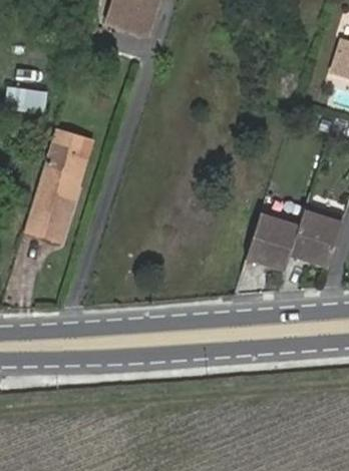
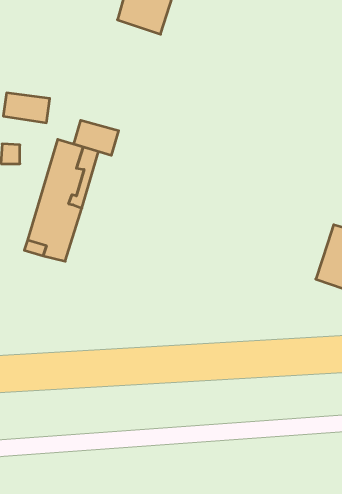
building: none -> [74,120,119,155]
building: [245,209,300,272] -> none

